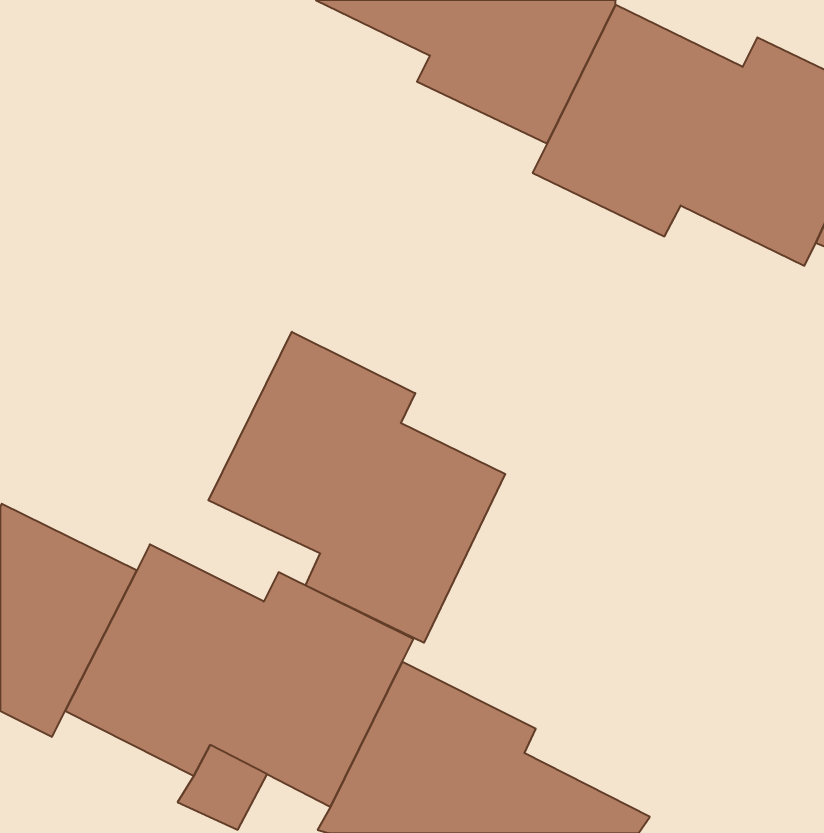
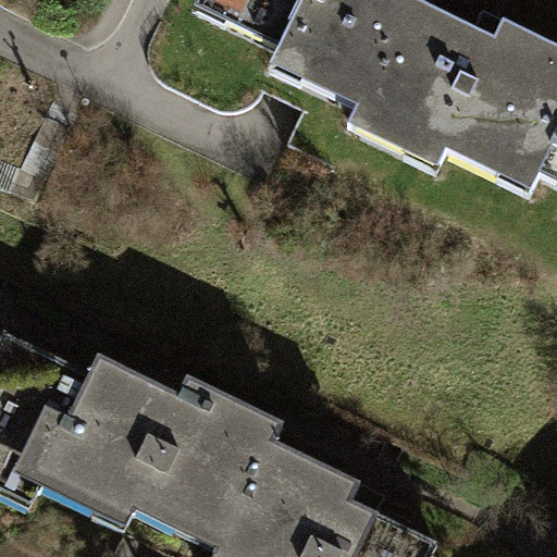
building: [208,332,505,643] -> none

